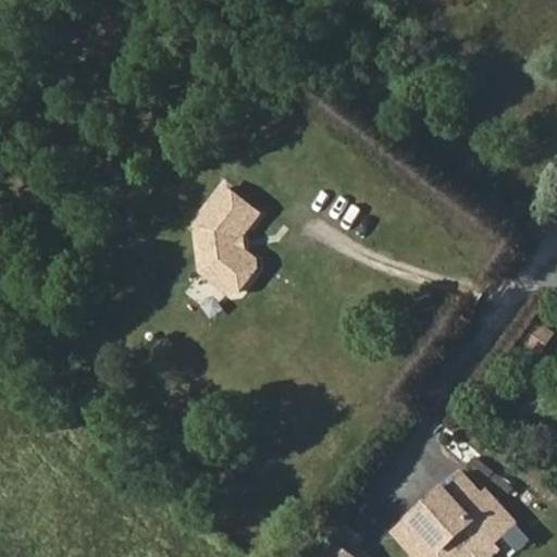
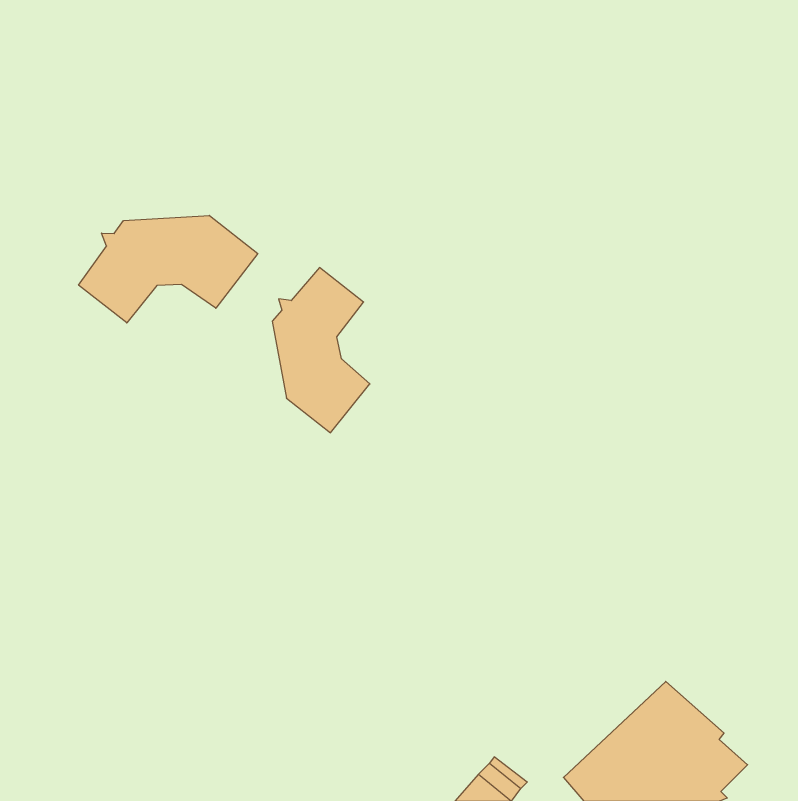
building: none -> [79,215,258,323]

